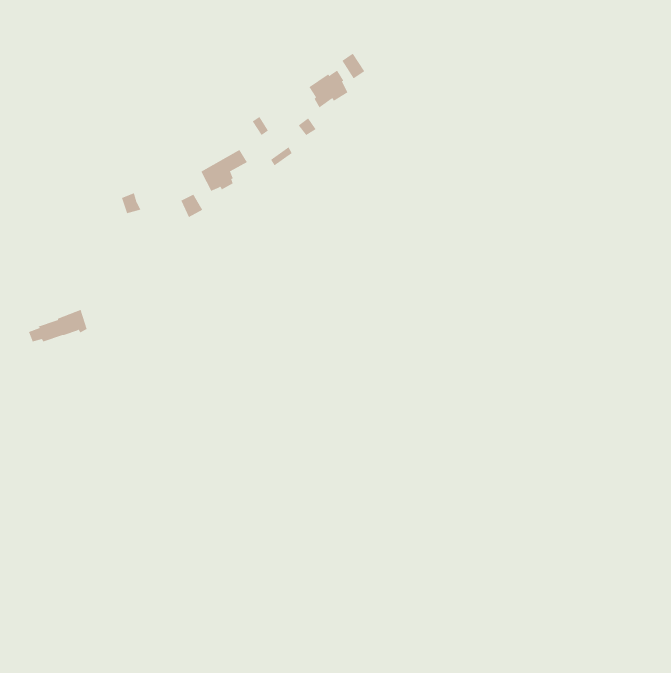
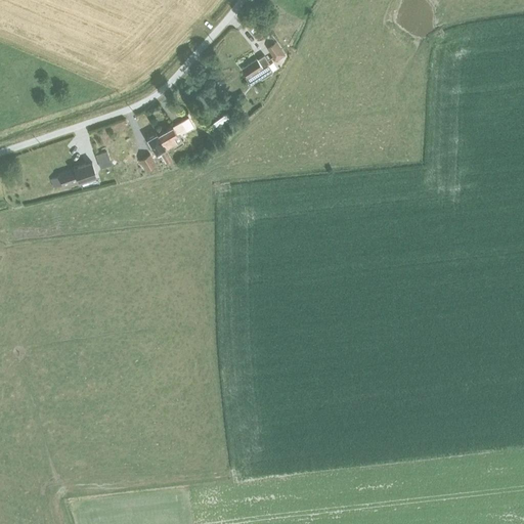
building: [28,309,88,342] -> [49,162,95,187]

